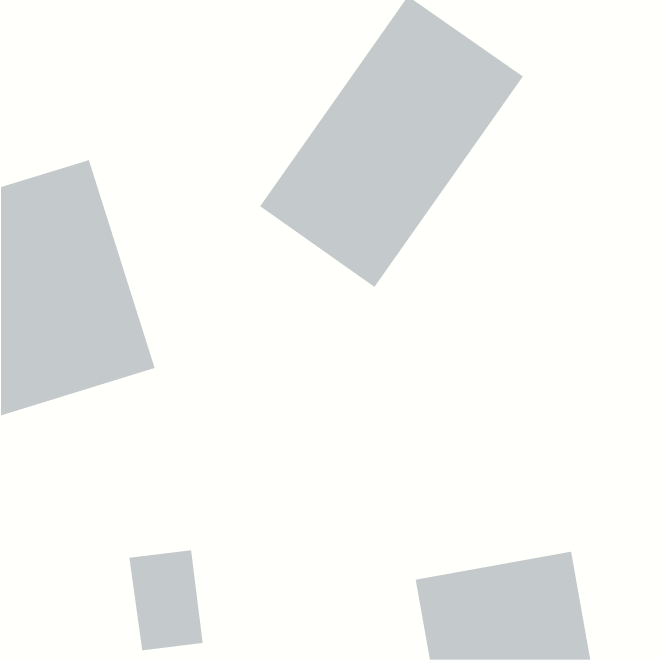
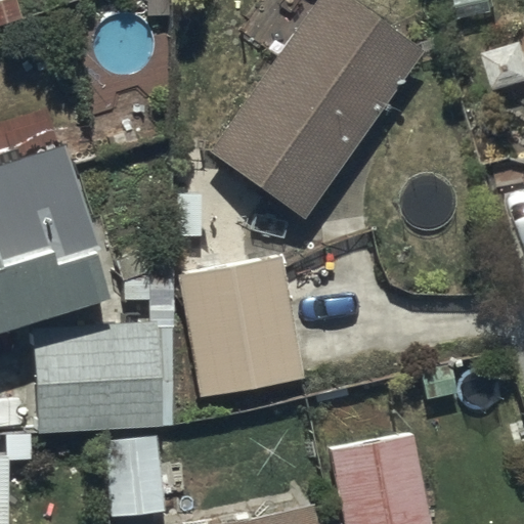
building: none -> [176,263,300,401]
building: none -> [26,317,170,427]

